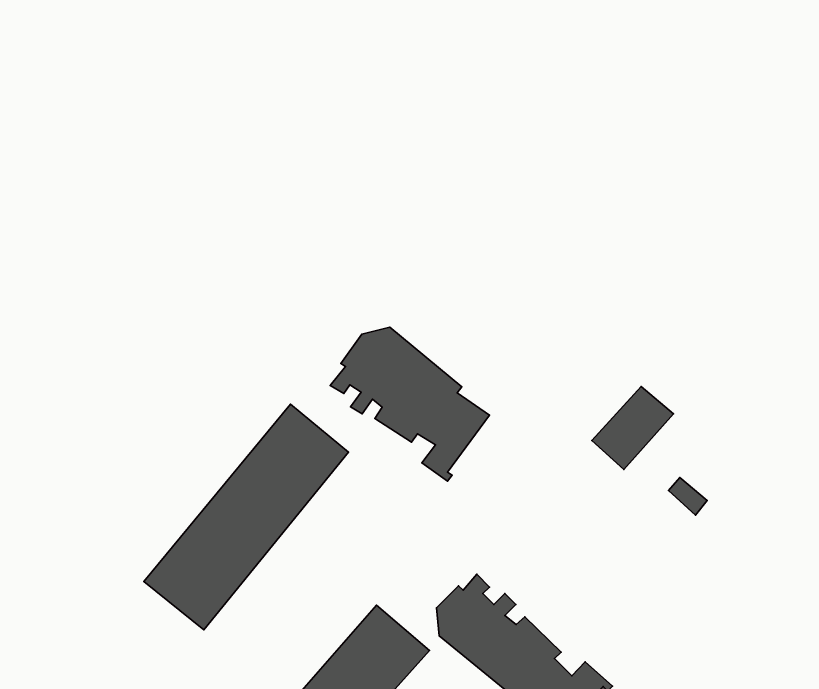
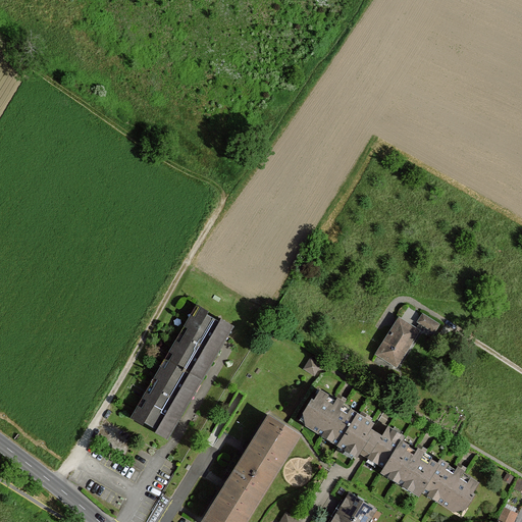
building: [330,327,490,481] -> none
building: [592,386,673,470] -> [375,319,418,367]

